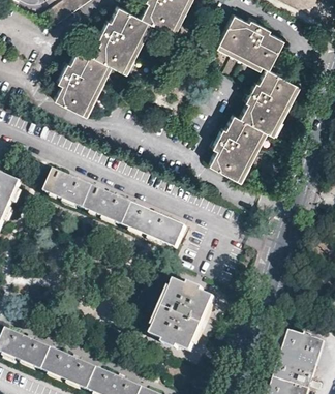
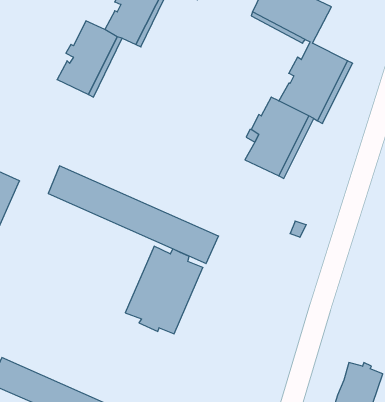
building: [150,280,214,353] -> [125,246,203,334]

